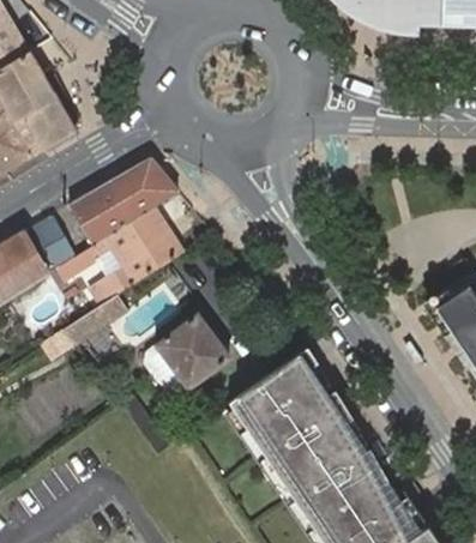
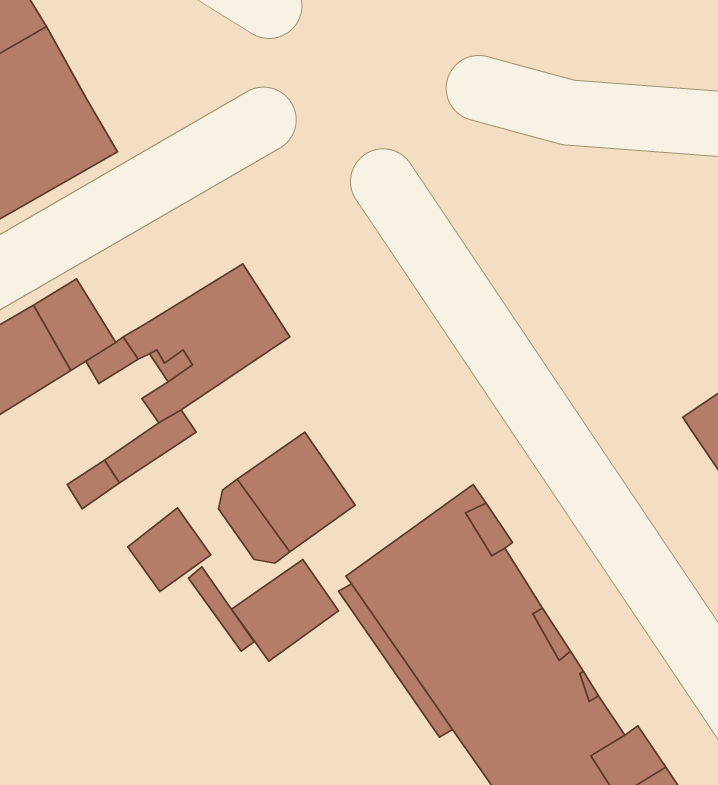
building: [71,156,180,242] -> none
building: none -> [128,508,211,591]
building: none -> [231,559,339,661]

